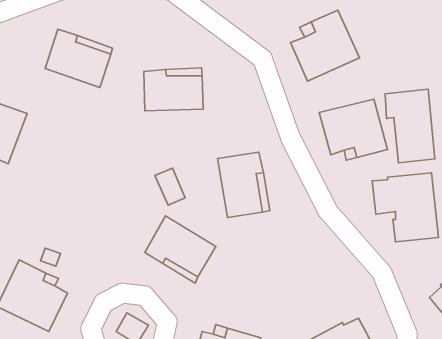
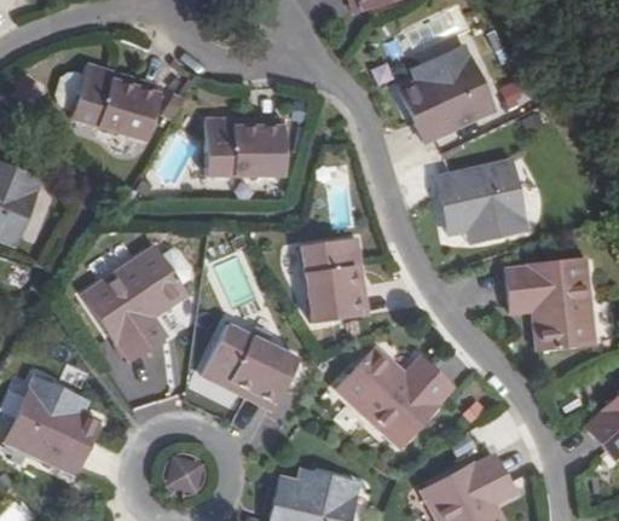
building: [385,89,435,163] -> none
building: none -> [87,239,192,354]
building: none -> [339,348,453,448]

